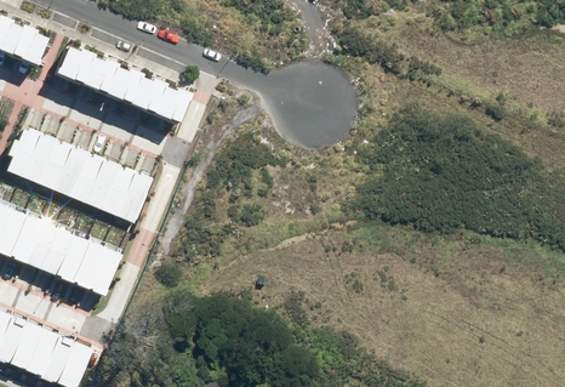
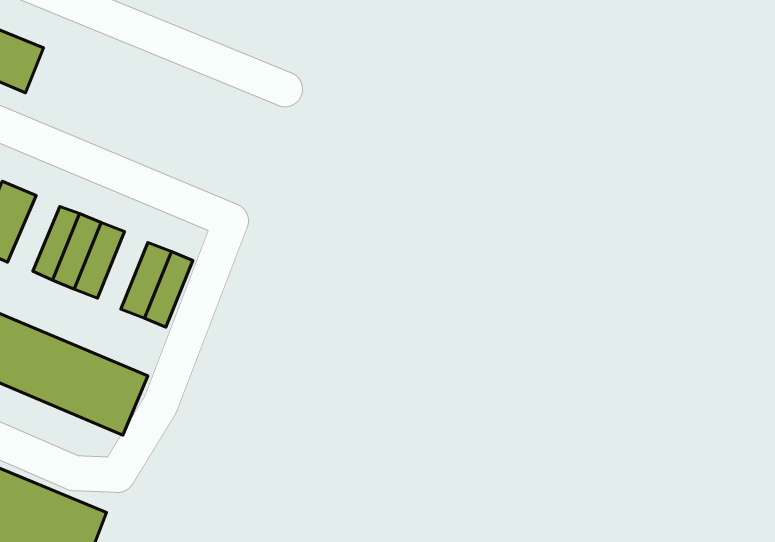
building: [55,44,192,123] -> none
building: [25,133,61,184] -> none
building: [86,158,120,210] -> none

